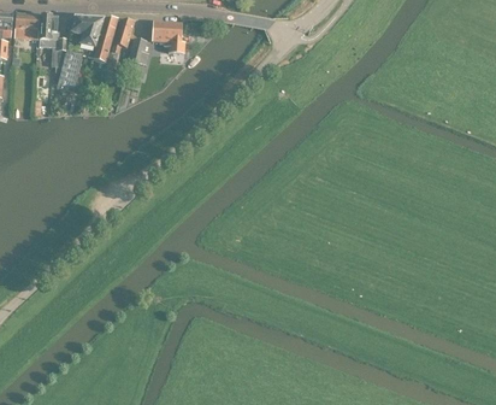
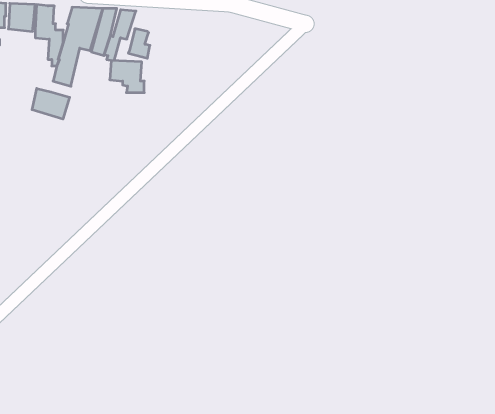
building: [152,23,184,53] -> [110,61,144,93]
building: none -> [32,88,70,119]

